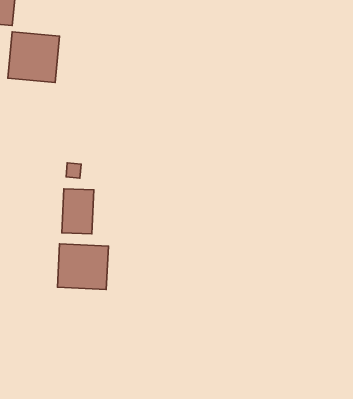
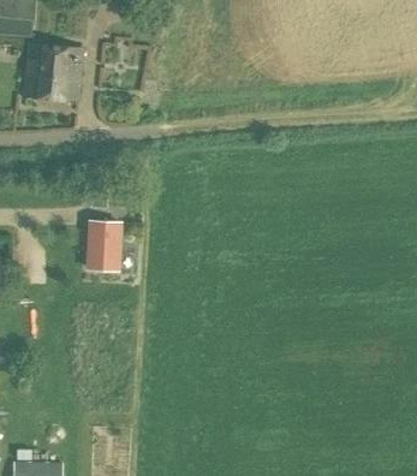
building: [57,244,108,289] -> none

